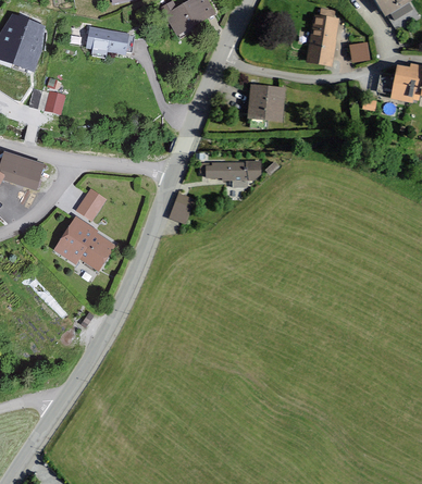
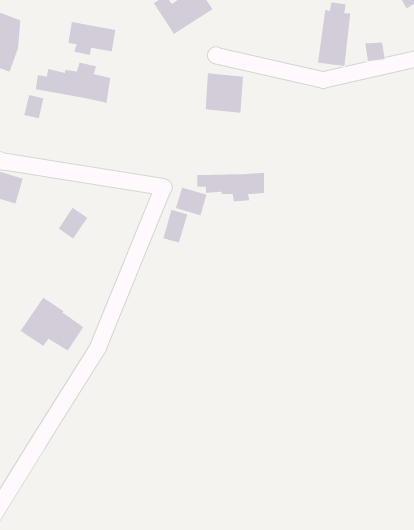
building: none -> [35,62,111,104]
building: [249,85,284,121] -> [205,73,244,113]
building: none -> [175,187,207,216]
building: [53,220,111,269] -> [20,297,84,352]

